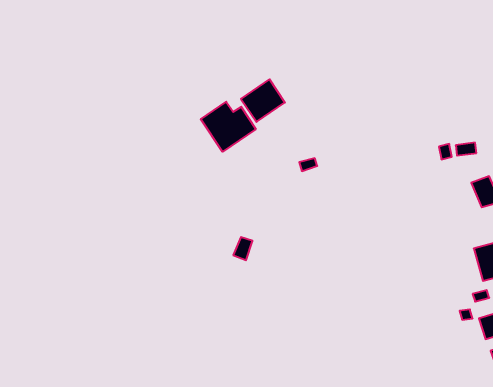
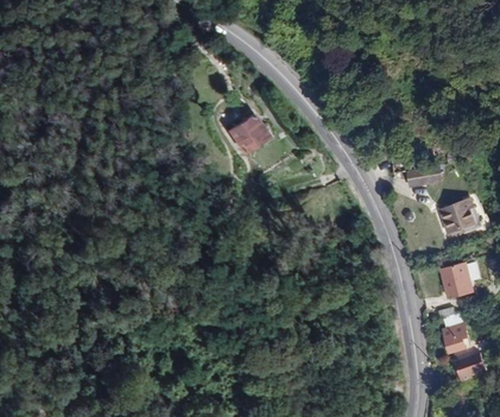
building: [201,102,256,152] -> none

